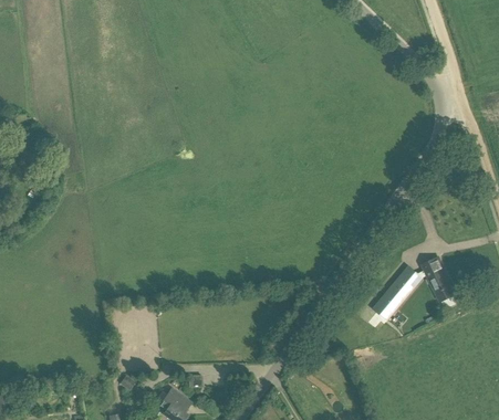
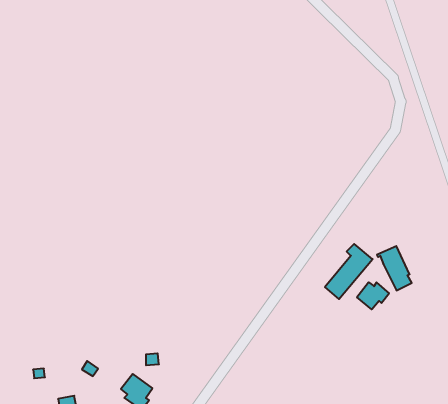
building: none -> [357,282,389,309]

